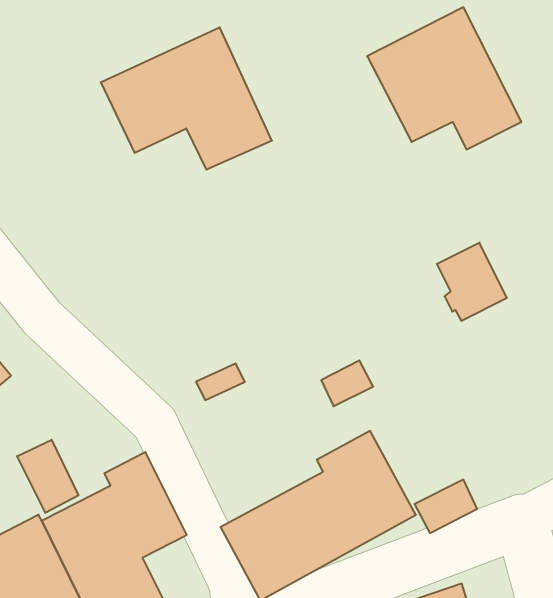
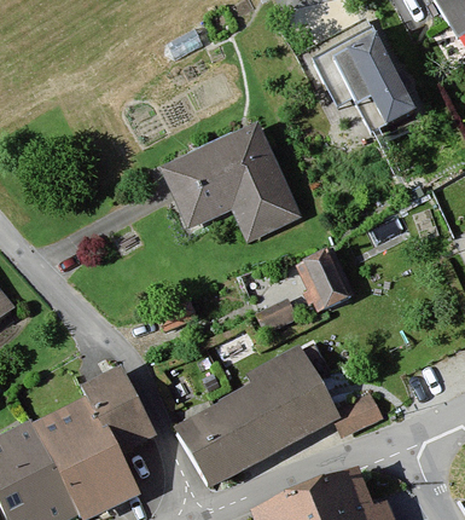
building: [101,27,272,170] -> [163,125,298,237]
building: [437,243,507,321] -> [298,249,354,311]
building: [17,440,78,513] -> none

